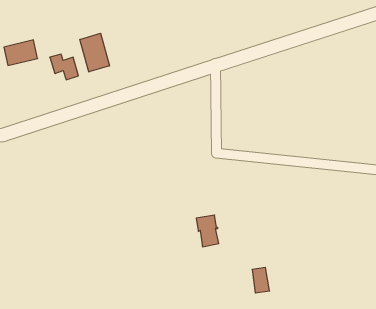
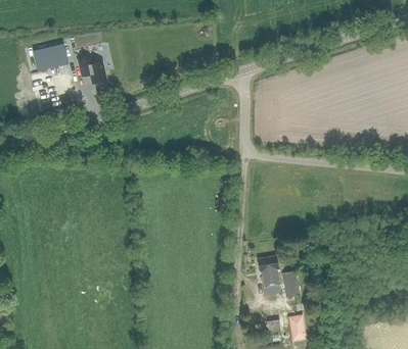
building: [80,33,109,72] -> none
building: [196,215,219,247] -> [258,256,280,288]

